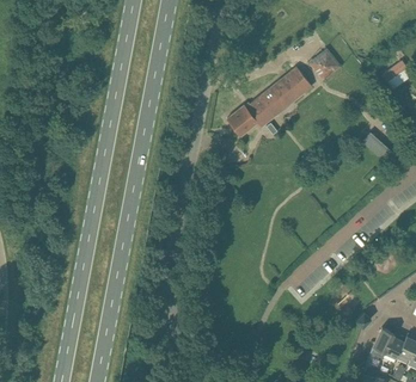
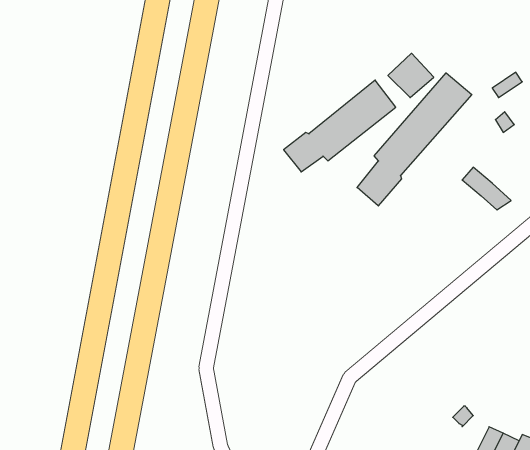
building: none -> [357,73,472,206]

